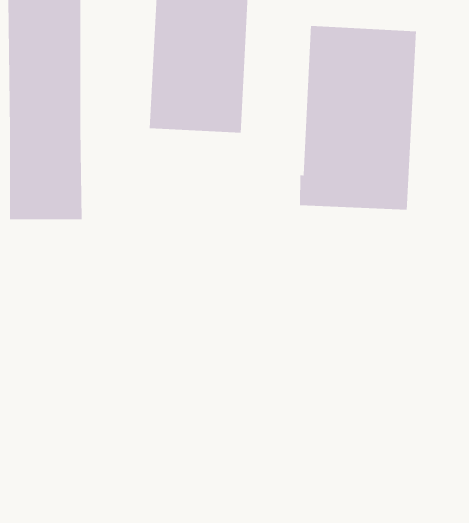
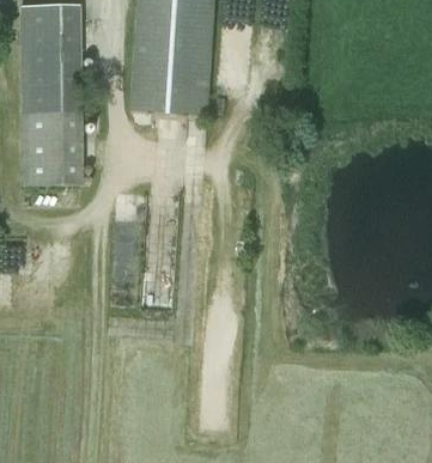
building: [300,25,416,210] -> none

